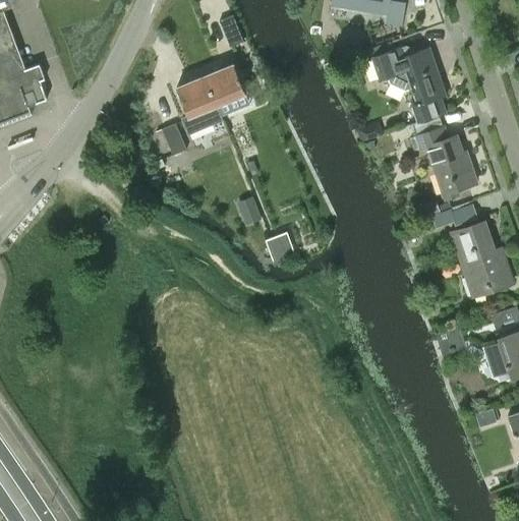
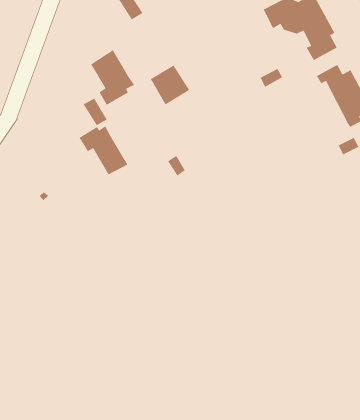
building: [205,63,246,106] -> [150,64,190,105]
building: none -> [79,125,129,175]
building: [265,231,295,262] -> none

